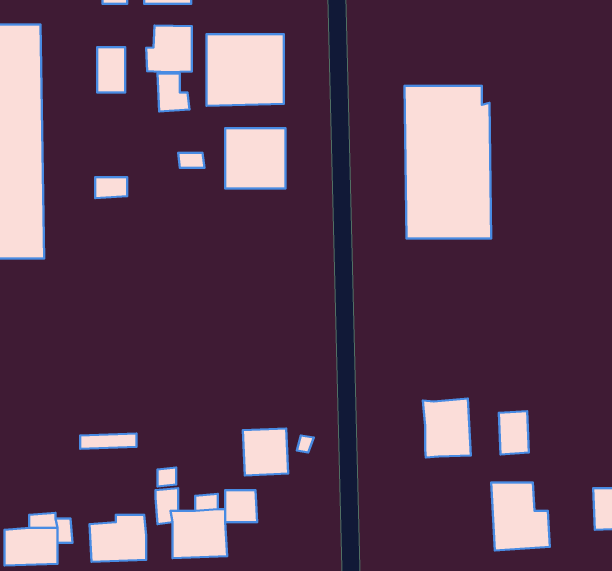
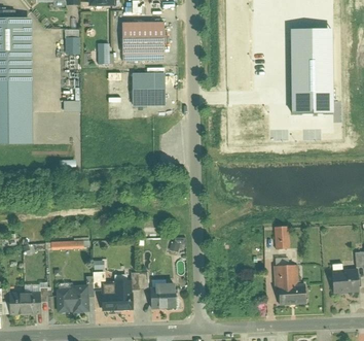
building: [146,26,192,72] -> none
building: [404,86,491,239] -> [284,29,331,112]
building: [423,398,471,458] -> none
building: [243,428,288,476] -> [151,281,176,307]

